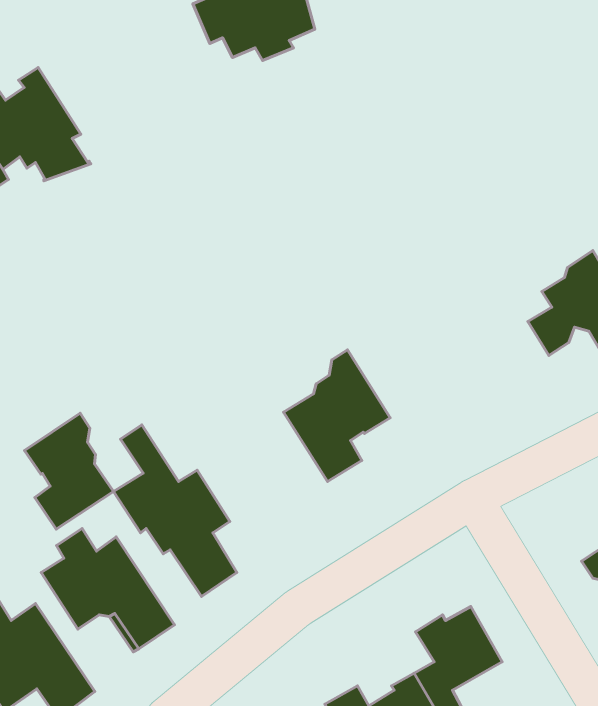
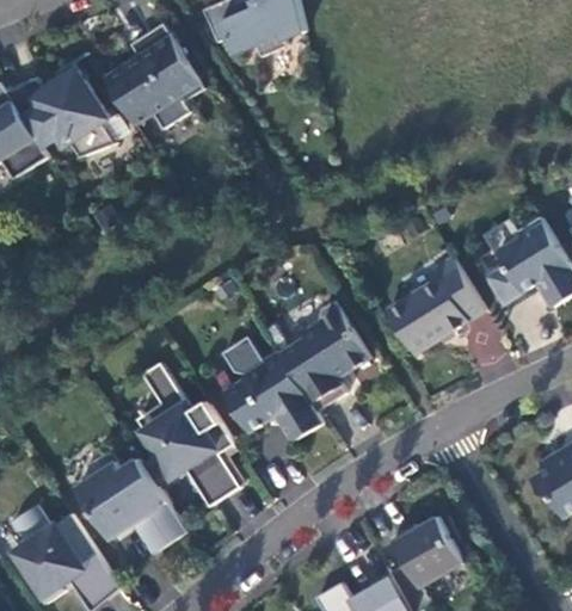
building: none -> [105,23,204,129]
building: none -> [386,255,485,354]
building: none -> [220,337,322,440]
building: [25,413,113,529] -> none

